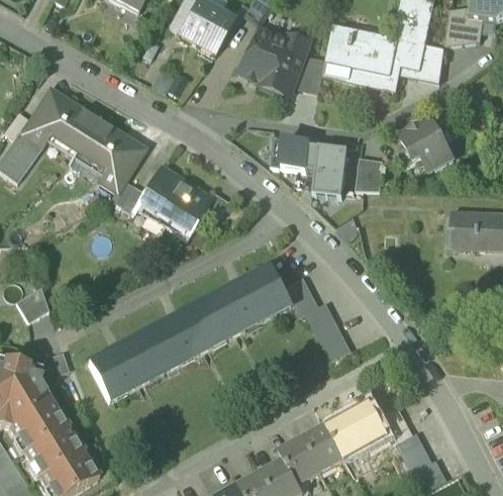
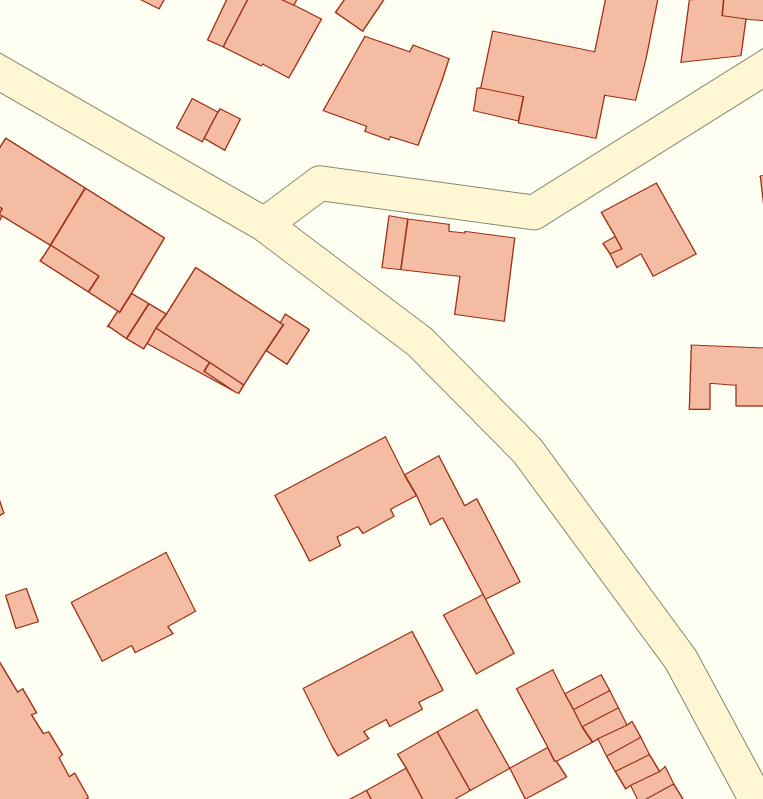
building: [419,42,445,72] -> none
building: [295,55,327,90] -> none
building: [357,156,384,189] -> none
building: [144,298,226,371] -> [303,631,443,756]
building: [326,411,368,458] -> [443,595,514,674]

